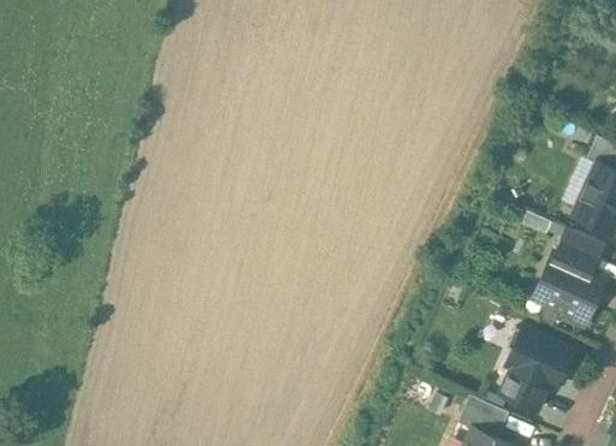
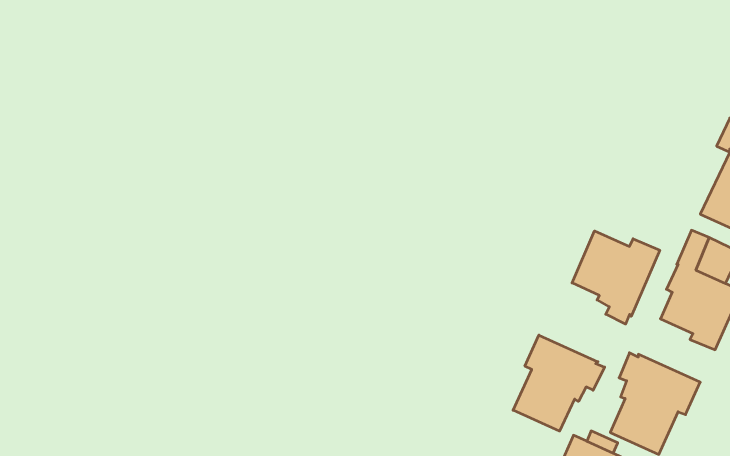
building: none -> [572,231,660,324]
building: none -> [513,335,605,431]

